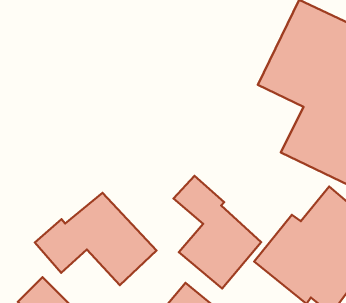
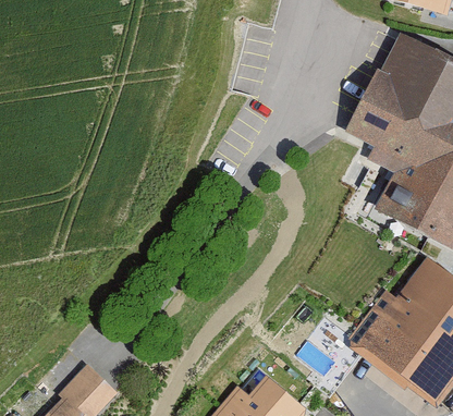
building: [174,176,261,288] -> none
building: [35,193,156,285] -> none

